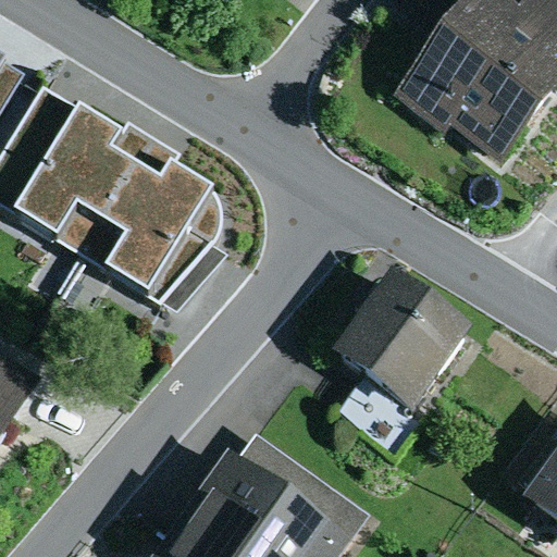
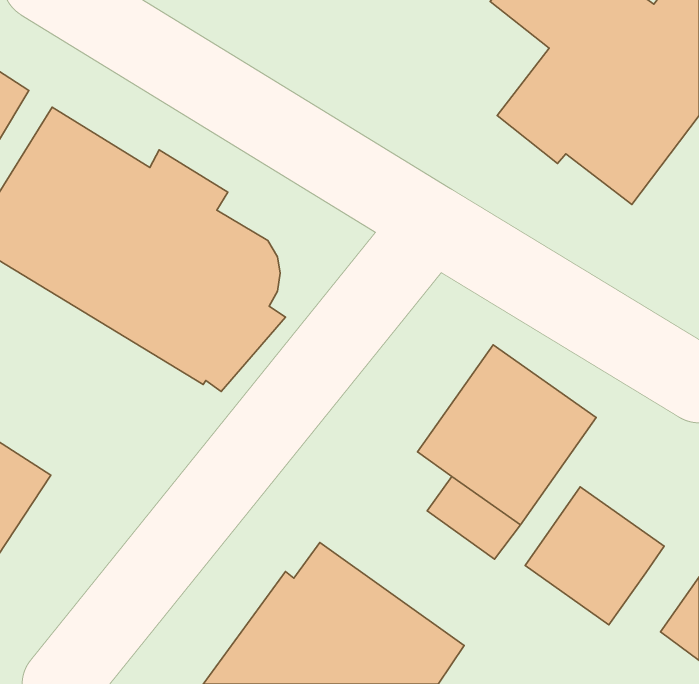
building: none -> [525,487,664,625]

